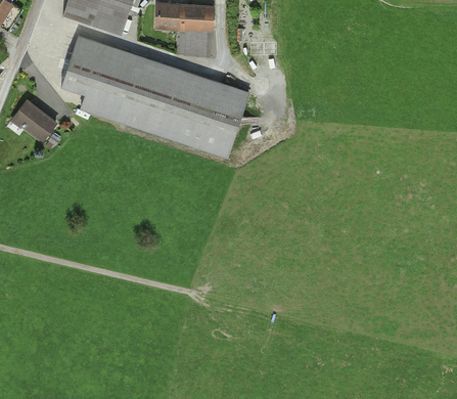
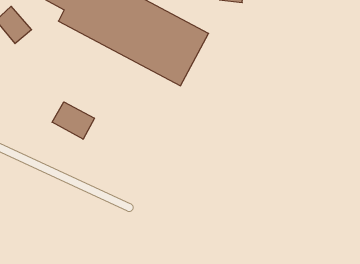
building: none -> [52,102,94,139]

